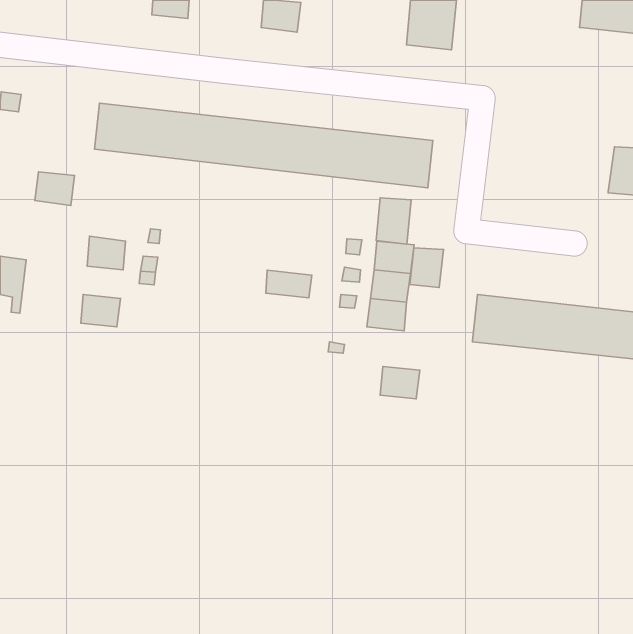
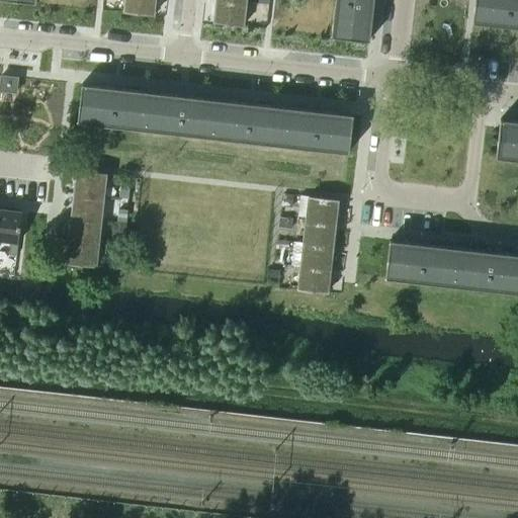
building: [35,172,75,205] -> [75,170,107,197]
building: [376,198,411,244] -> none
building: [410,248,443,288] -> none
building: none -> [70,218,102,244]
building: [266,270,312,298] -> none
building: [380,366,420,399] -> [298,267,331,293]

